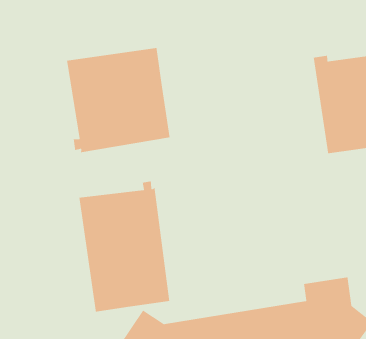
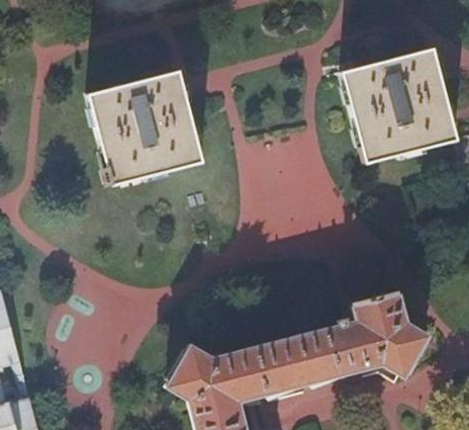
building: [78,181,170,313] -> none

